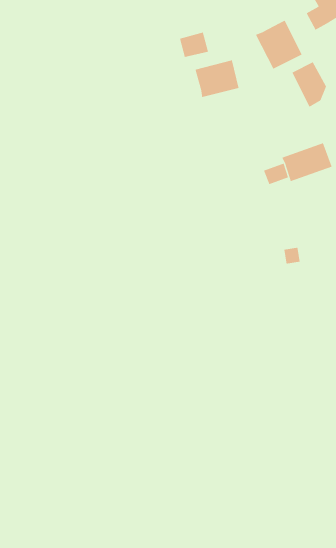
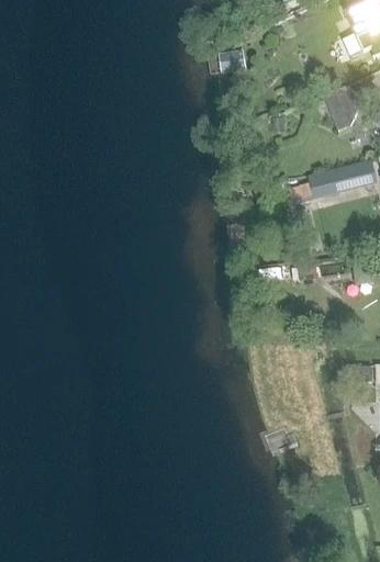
building: [255,20,303,70] -> none
building: [195,60,239,98] -> none

